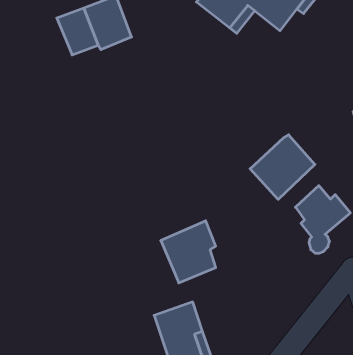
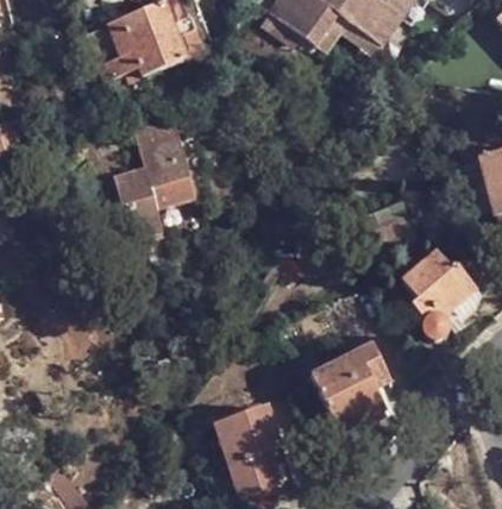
building: none -> [115,118,199,232]
building: [250,135,315,199] -> none
building: [161,221,216,283] -> [313,347,385,429]

